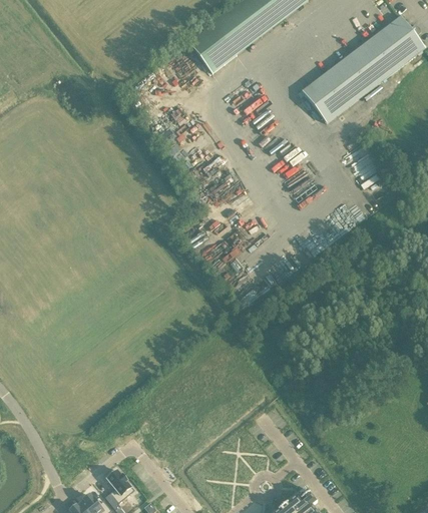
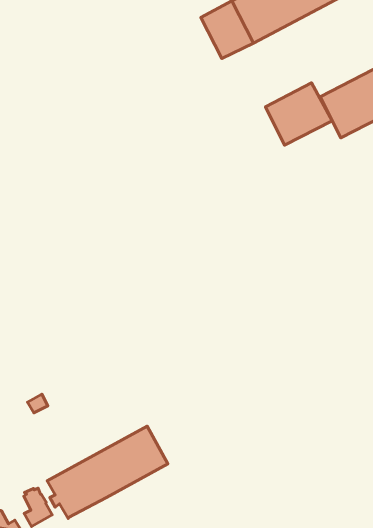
building: none -> [266,83,332,145]
building: none -> [47,426,168,519]

